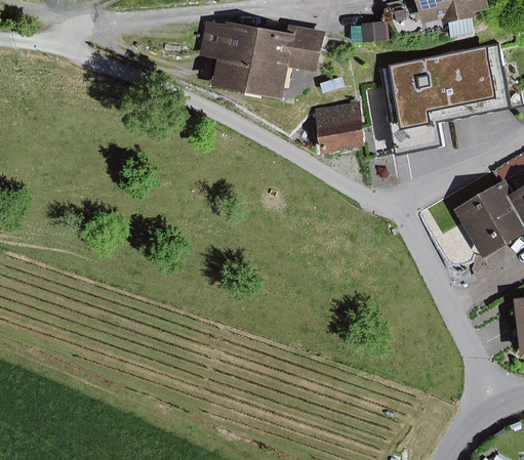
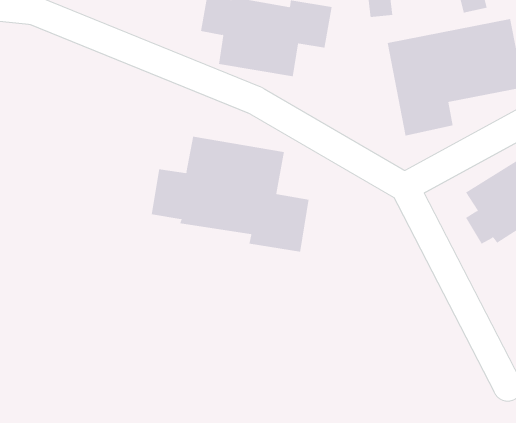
building: [313,100,365,154] -> none
building: none -> [151,136,309,253]

